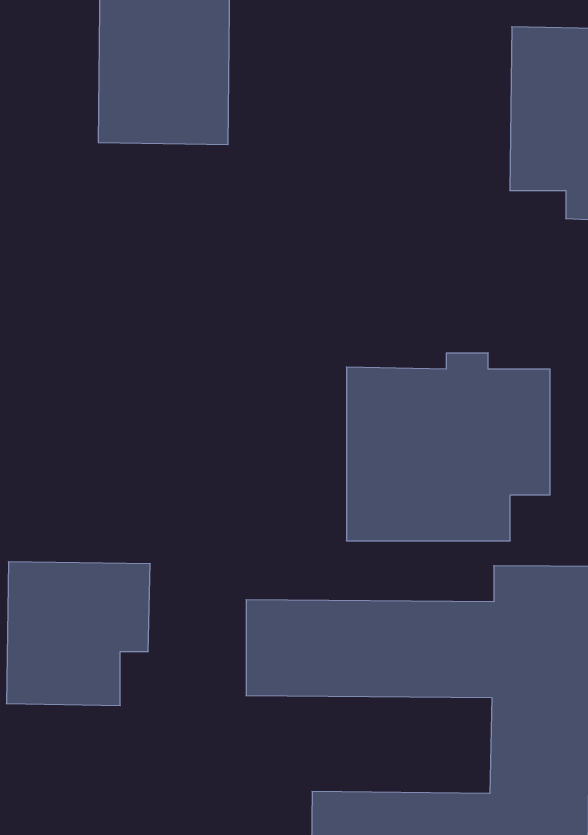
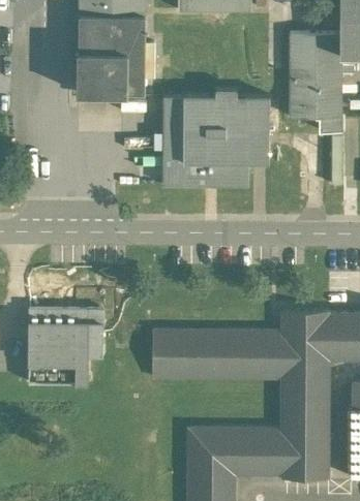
building: [346,353,550,541] -> [163,89,269,186]

